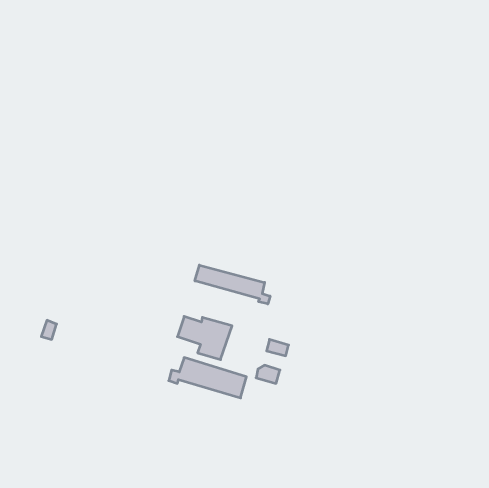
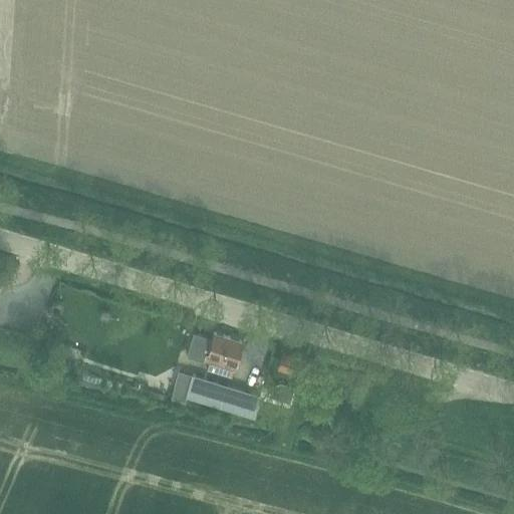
building: [195,265,270,304] -> none

